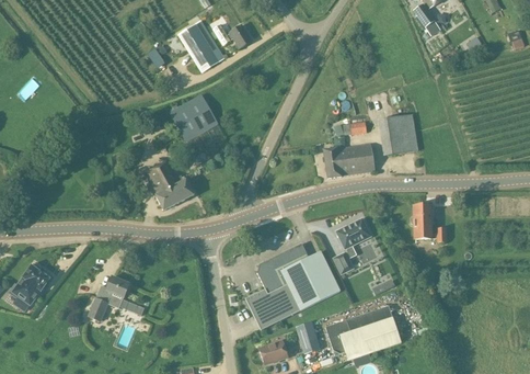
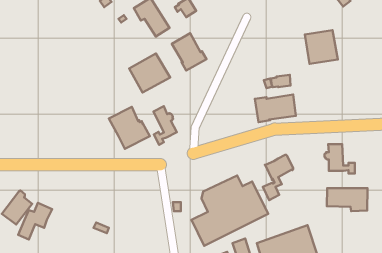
building: none -> [172,33,206,70]
building: [379,114,419,156] -> [305,30,338,64]
building: none -> [153,106,177,145]
building: none -> [327,188,367,211]
building: [89,276,130,321] -> [18,203,52,239]

